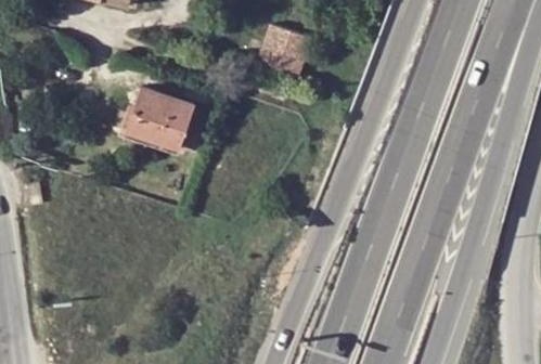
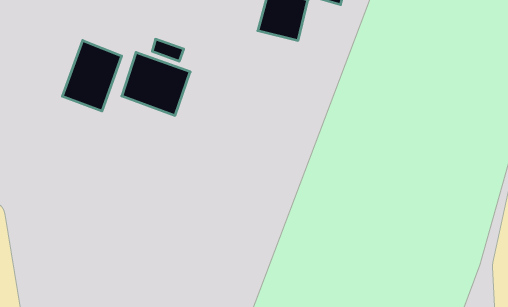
building: none -> [62,40,122,111]

